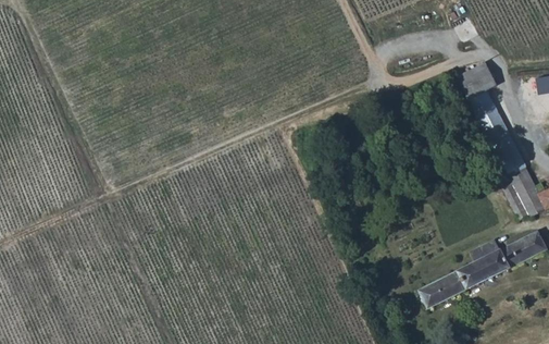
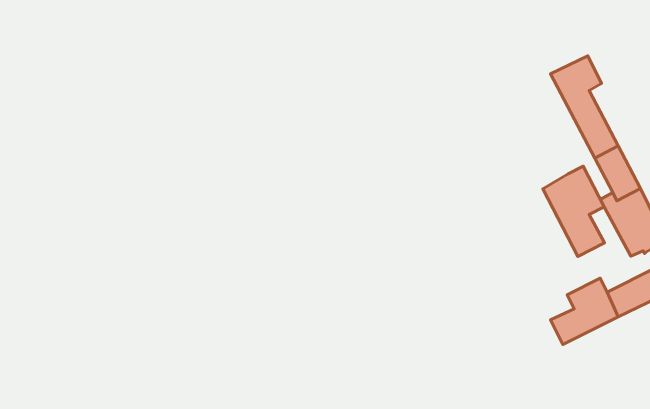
building: none -> [543,166,605,257]
building: [417,270,465,308] -> none

